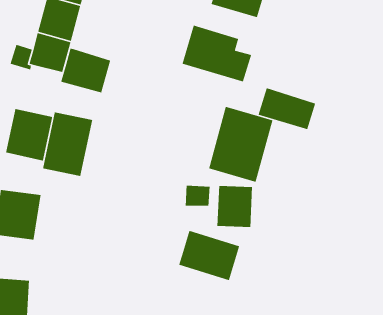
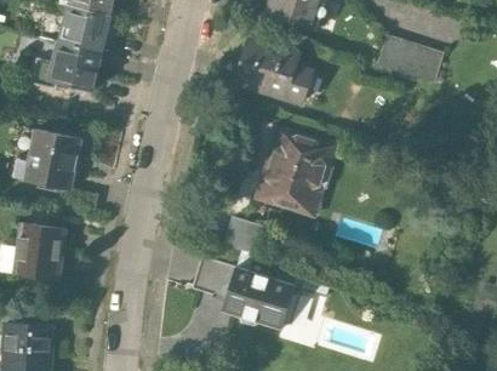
building: [60,48,111,93] -> none
building: [258,87,316,130] -> [375,35,441,84]
building: [42,112,93,177] -> none
building: [217,185,253,228] -> none
building: none -> [193,259,235,296]

